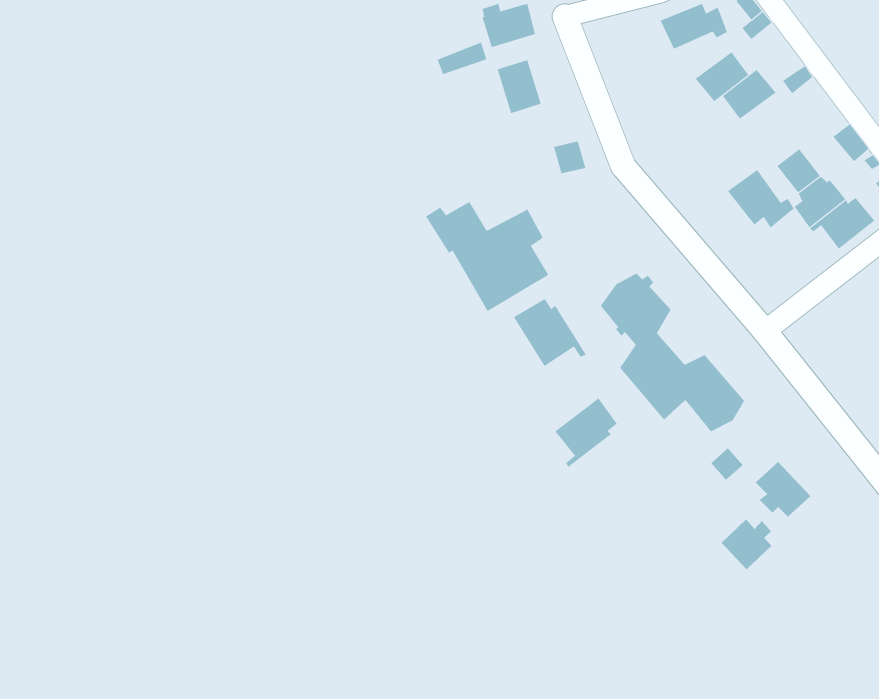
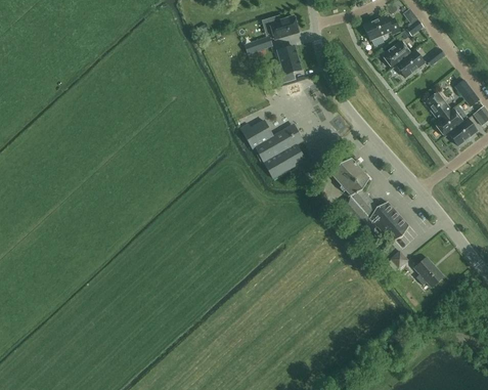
building: [727,169,795,228] -> none
building: [513,298,586,367] -> none
building: [555,398,617,468] -> none
building: [721,518,772,570] -> none

